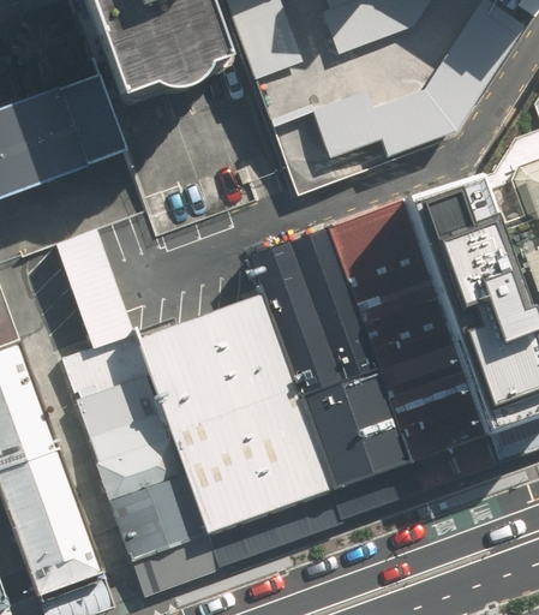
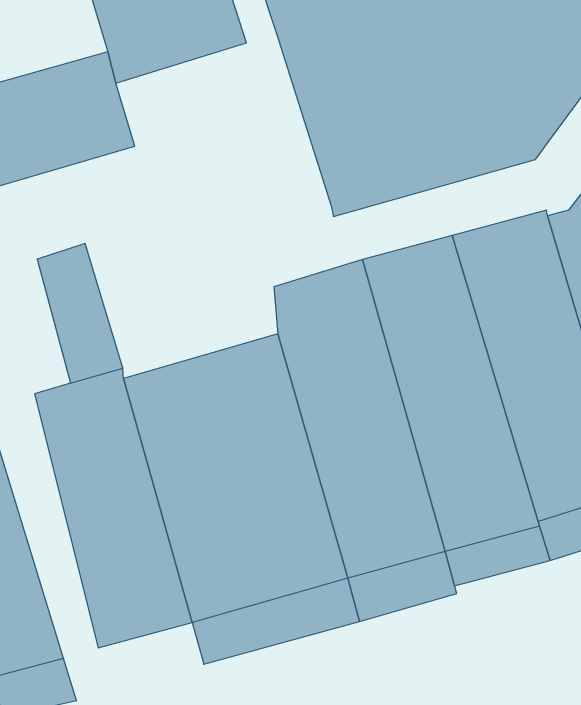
building: [131,533,218,595] -> none

